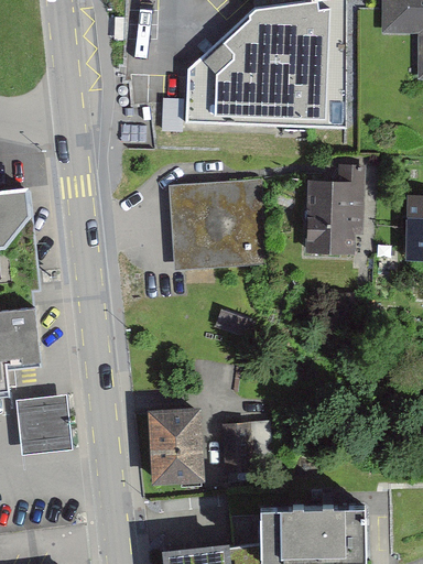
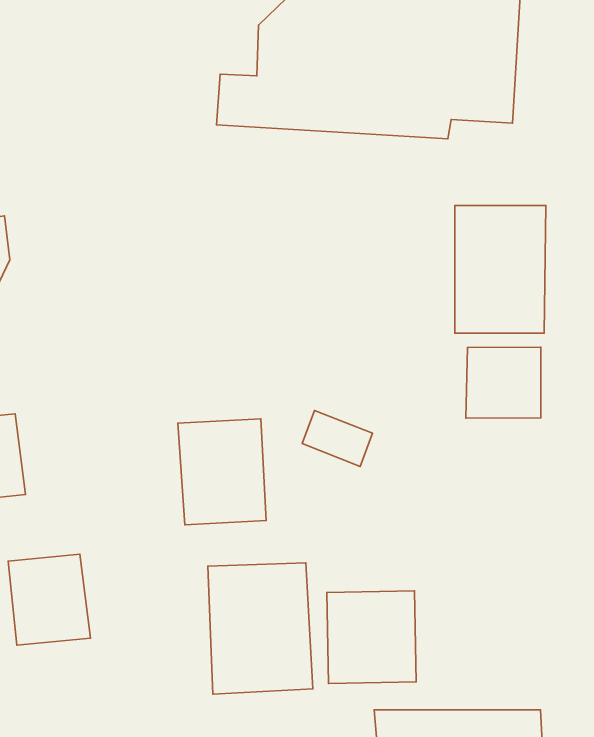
building: [170,177,261,272] -> none
building: none -> [466,347,541,418]
building: none -> [178,419,266,525]

